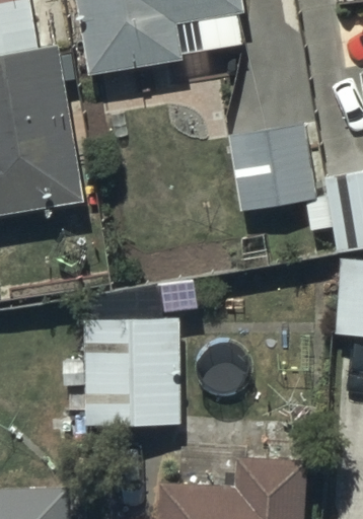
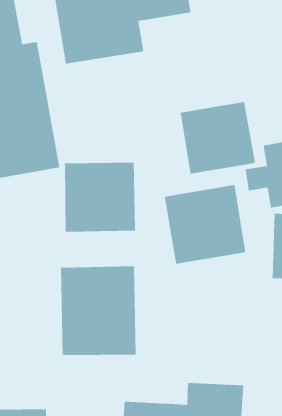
building: none -> [64,162,135,233]
building: none -> [164,184,246,264]

